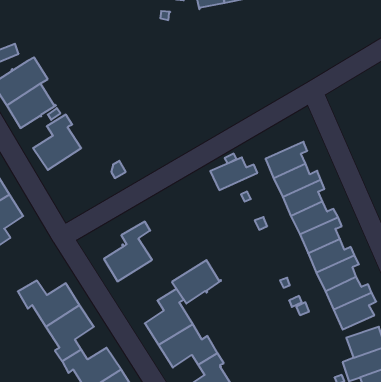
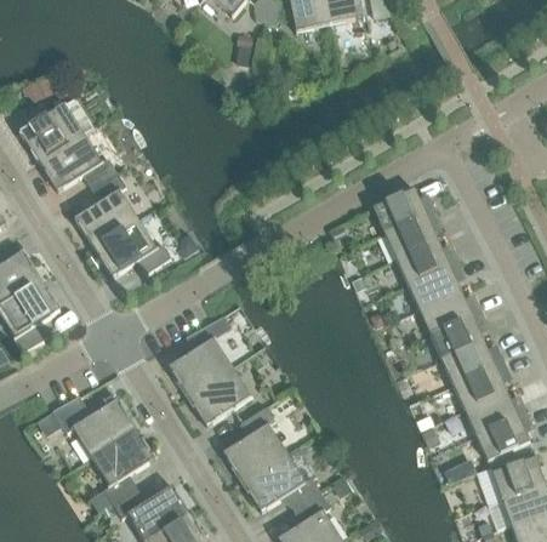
building: none -> [92,218,170,278]
building: [210,157,257,190] -> [371,189,434,233]
building: [172,260,221,304] -> [186,367,251,426]

